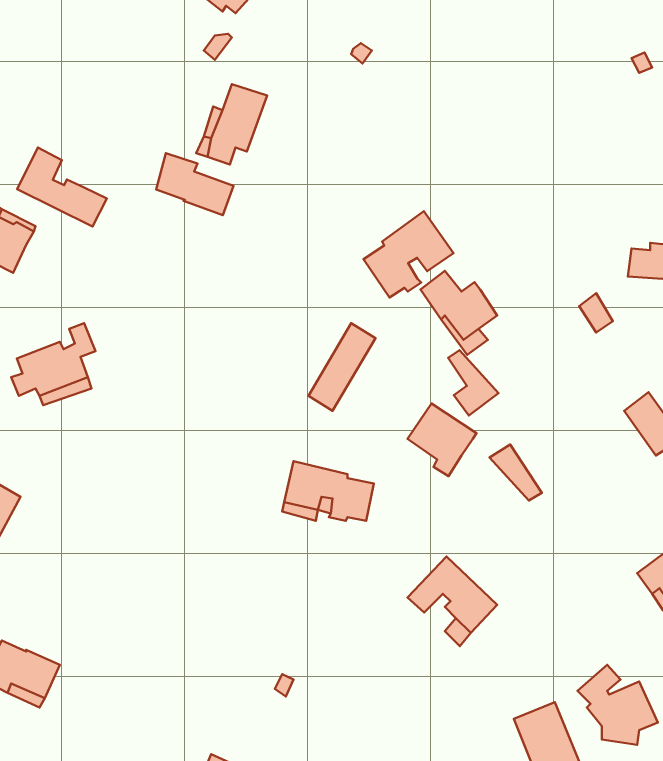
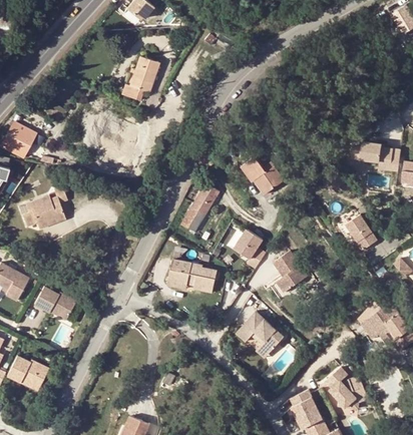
building: [17,148,107,226] -> none
building: [156,153,233,215] -> none
building: [364,211,453,297] -> none
building: [448,350,499,416] -> [273,257,300,292]
building: none -> [32,285,75,319]

